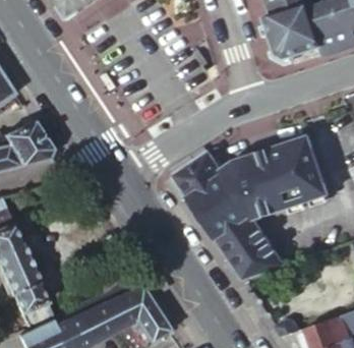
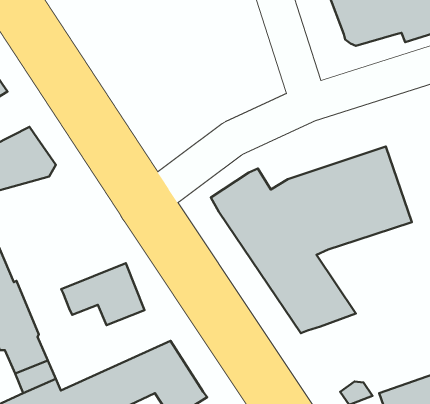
building: none -> [61,263,145,325]

